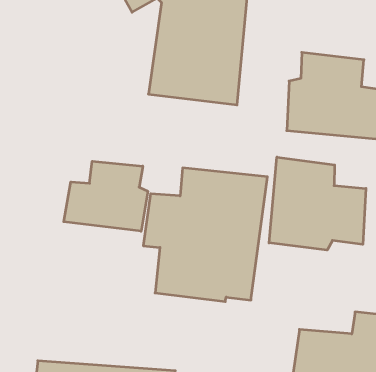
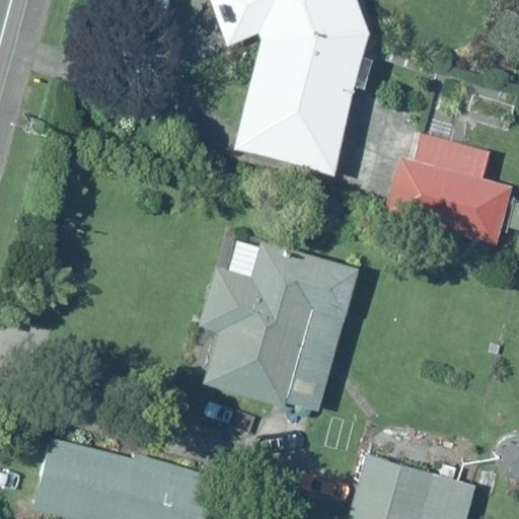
building: [269,157,366,250] -> none
building: [64,161,148,231] -> none

